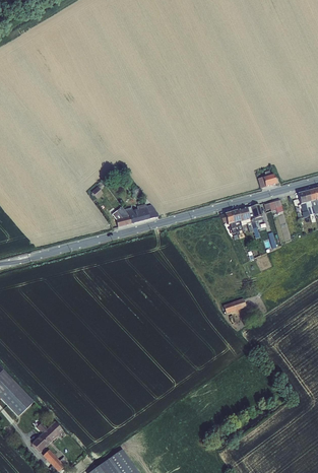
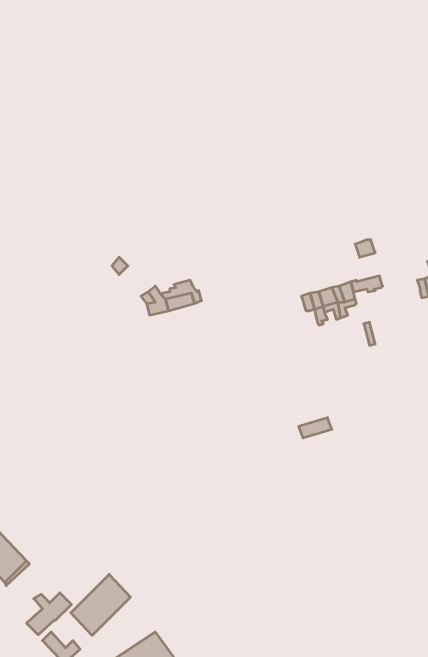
building: none -> [71,574,130,635]

